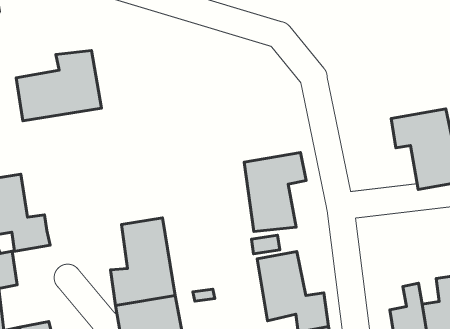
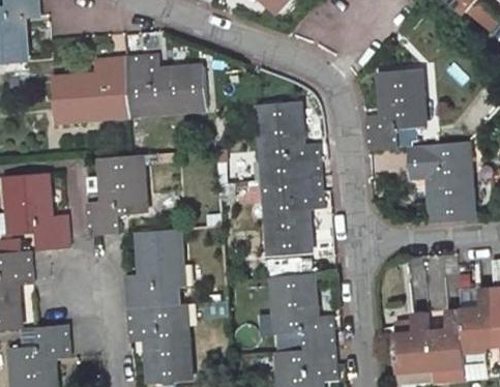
building: none -> [363,69,427,153]
building: none -> [125,56,210,116]
building: none -> [259,101,321,180]
building: none -> [87,155,147,234]

